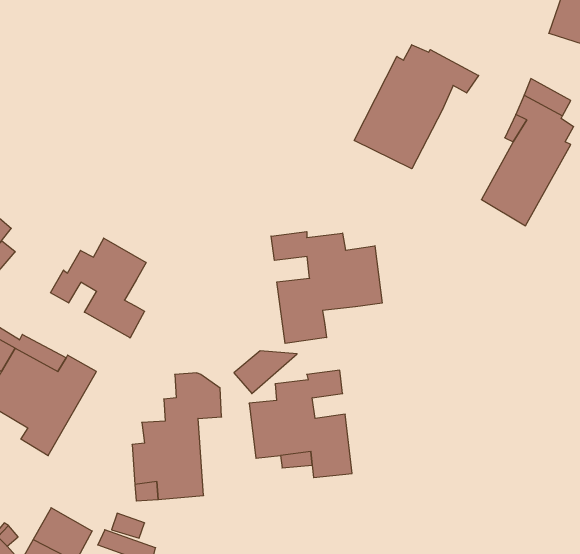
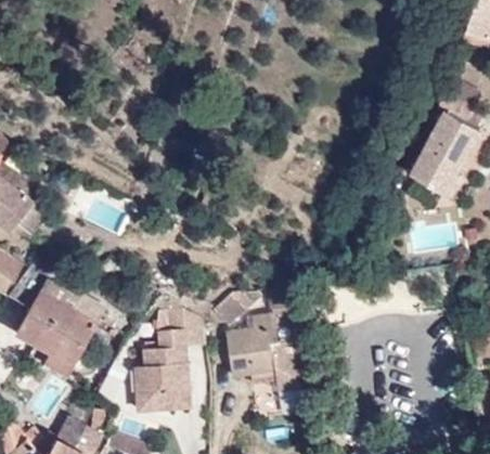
building: [354,45,479,169] -> none
building: [271,232,382,343] -> none
building: [51,238,146,338] -> none

